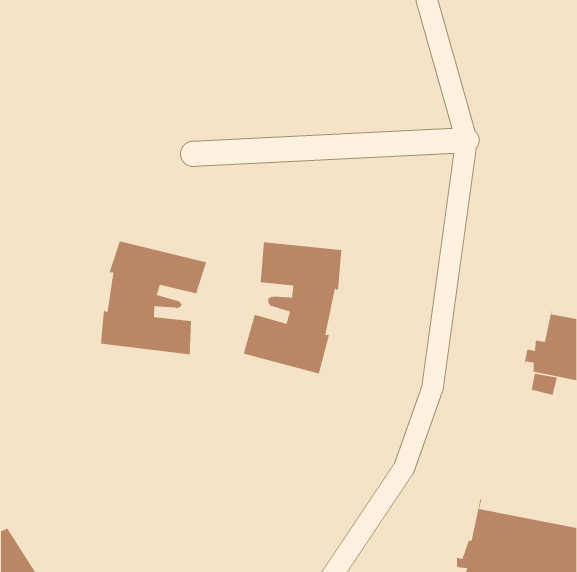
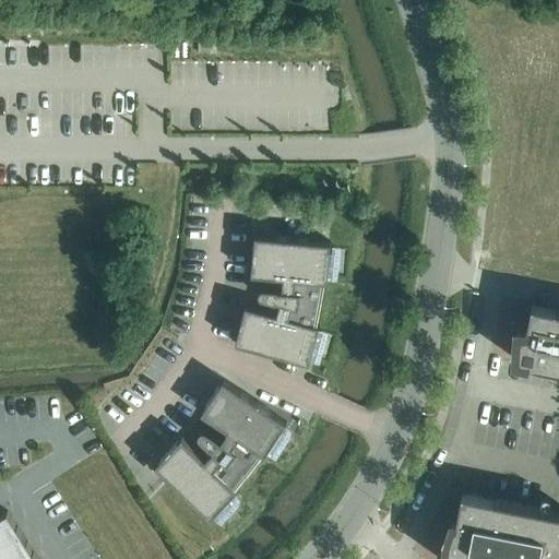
building: [101,240,207,355] -> none
building: none -> [154,384,286,522]

